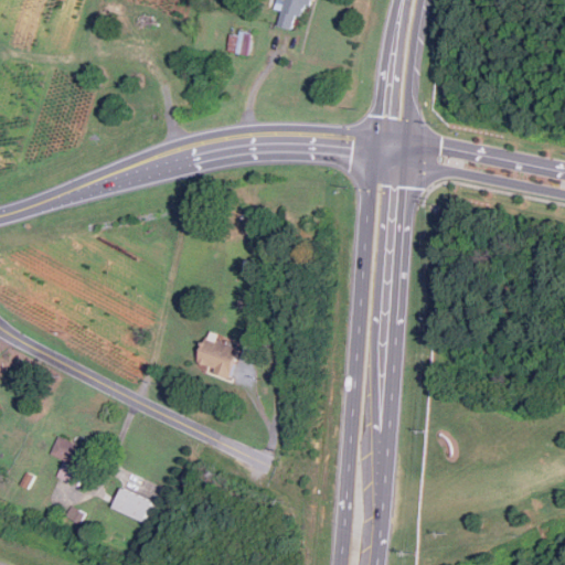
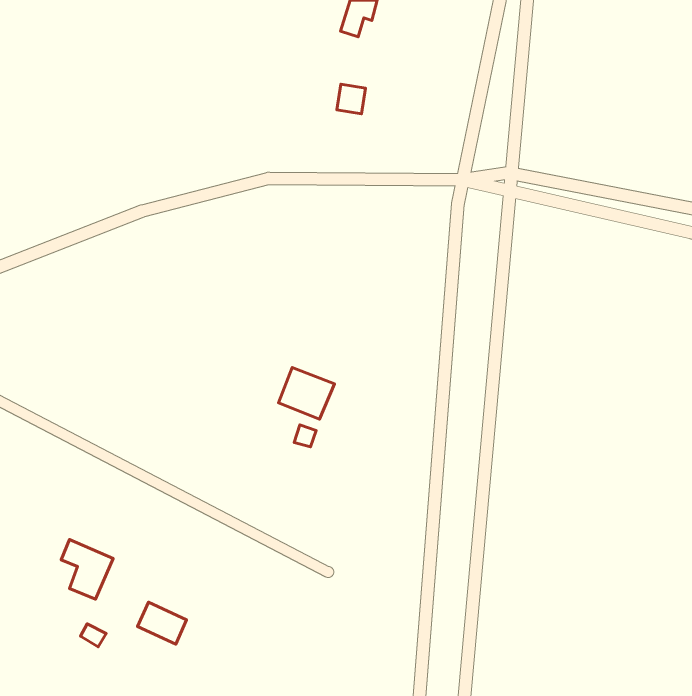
building: [226,30,249,54] -> [337,84,366,114]
building: [194,335,239,377] -> [278,368,334,419]

